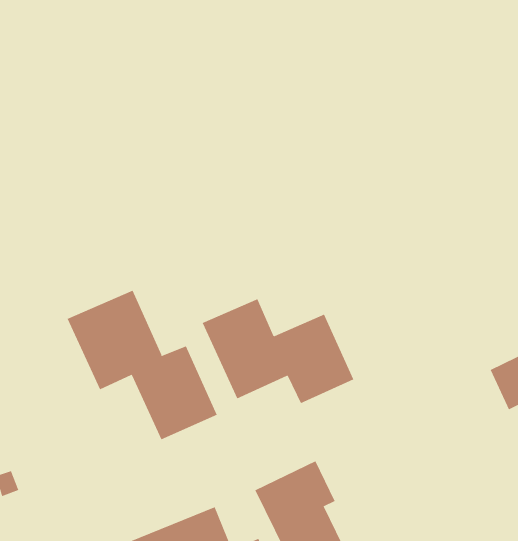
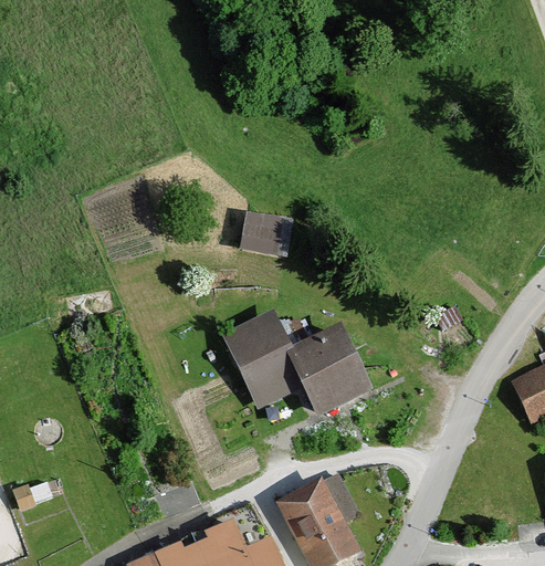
building: none -> [240,214,286,255]
building: [67,290,217,440] -> none

